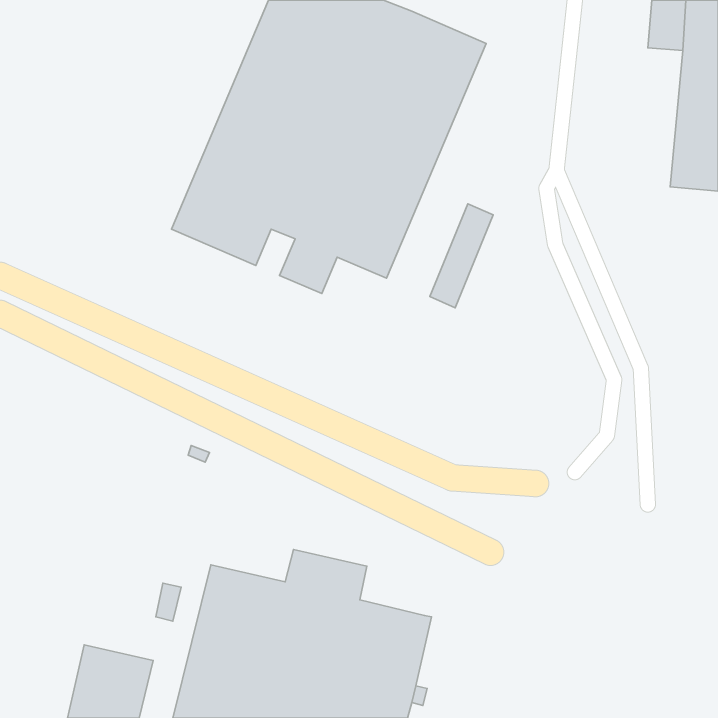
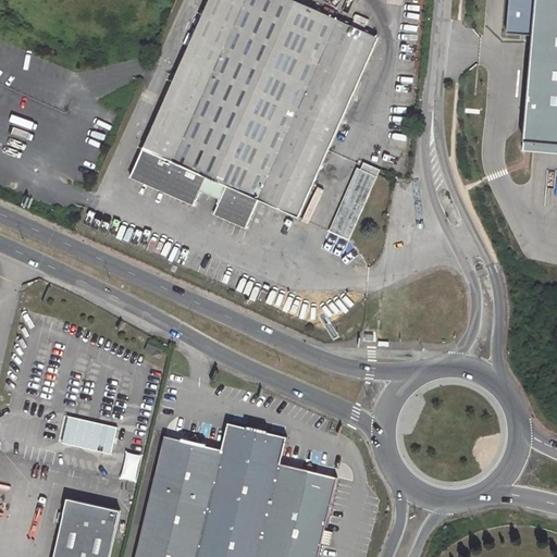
building: none -> [61,414,115,454]

